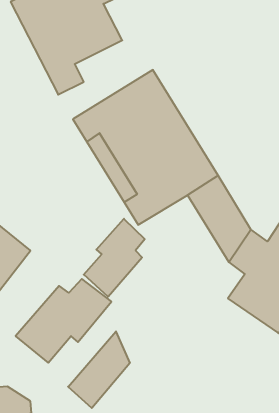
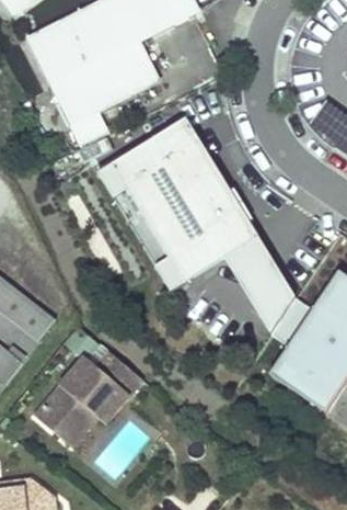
building: [84,219,145,297] -> none
building: [68,331,130,408] -> none

